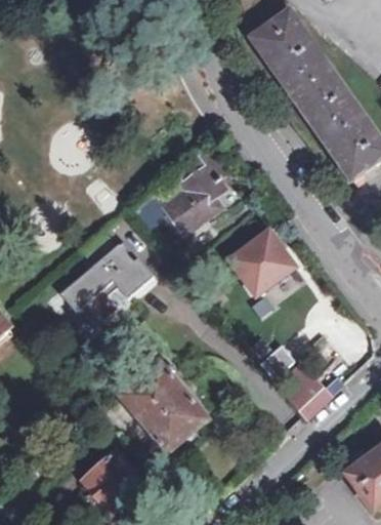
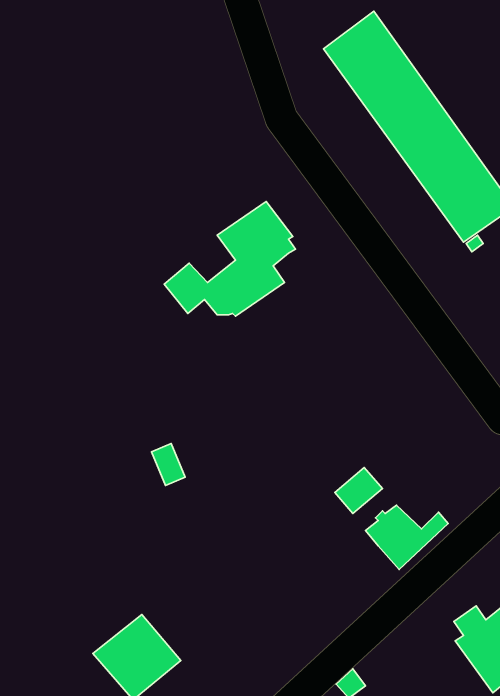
building: [62,228,156,326] -> none
building: [231,232,296,295] -> none
building: [118,362,208,453] -> none

